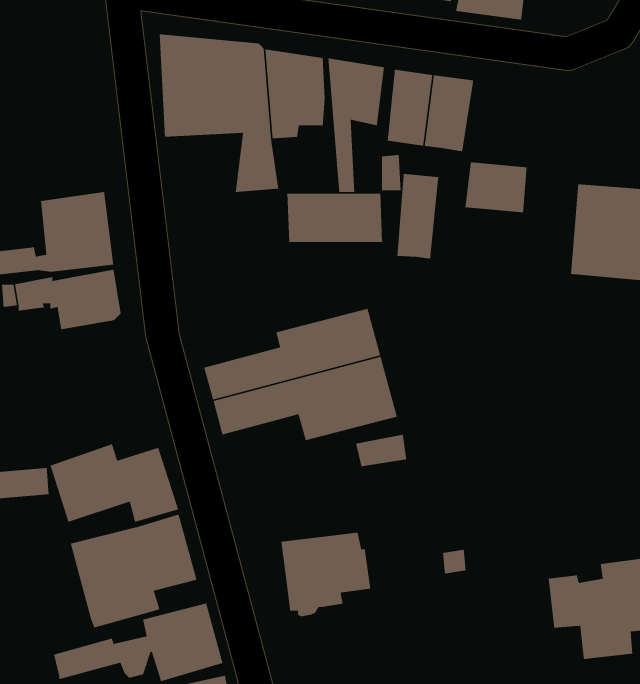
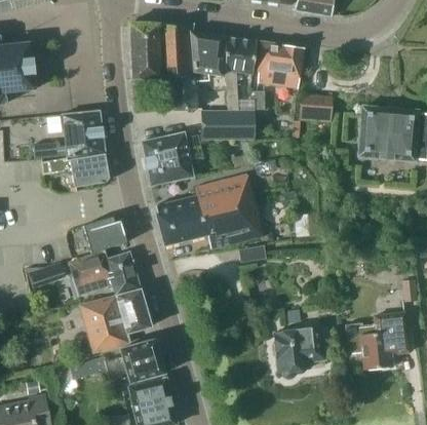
building: [396,173,439,259] -> none
building: none -> [141,134,192,186]
building: none -> [85,217,126,252]
building: [280,532,371,617] -> [274,327,324,375]

